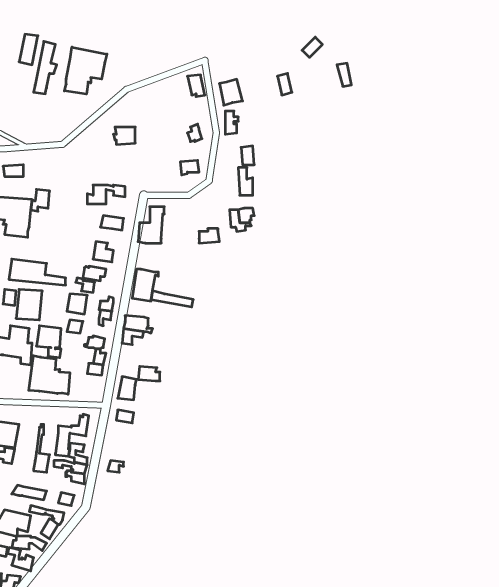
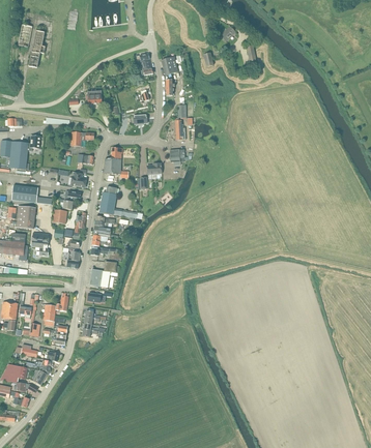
building: [64,47,107,94] -> none
building: [29,356,70,394] -> none

